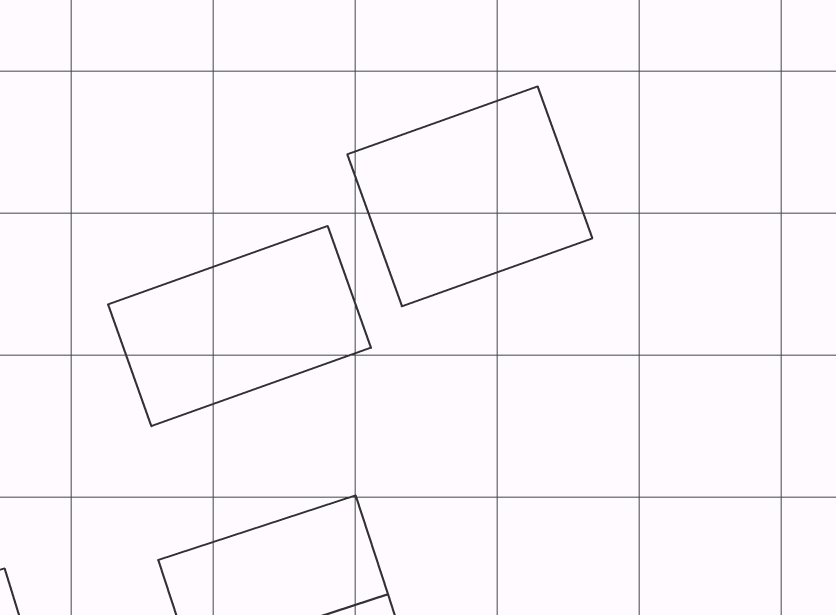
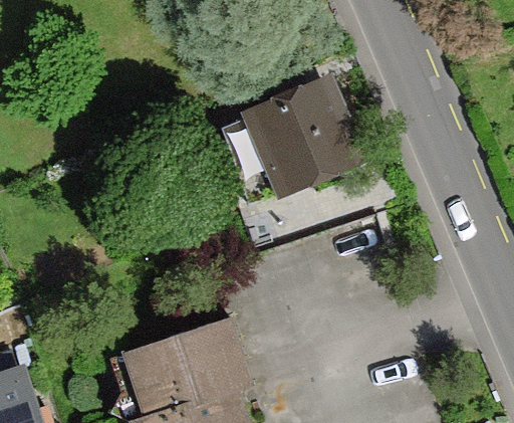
building: [108,226,371,426] -> none

